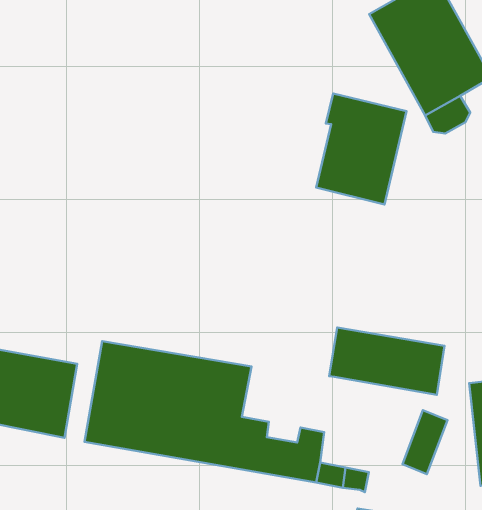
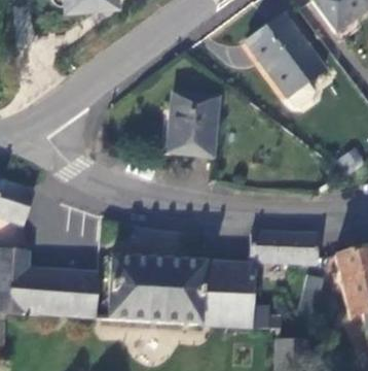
building: [316,94,406,204] -> [171,93,219,156]
building: none -> [201,261,254,303]

